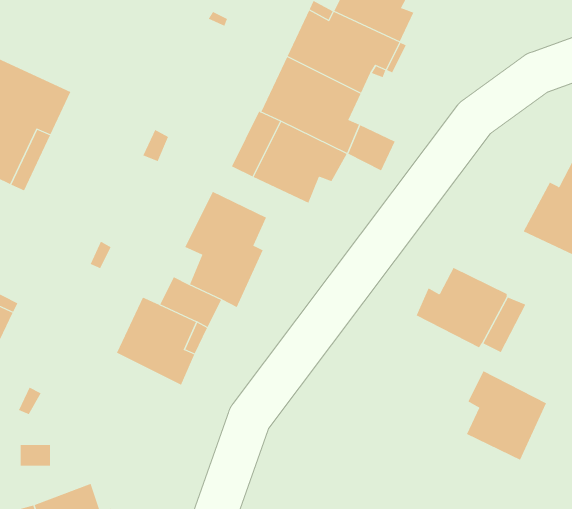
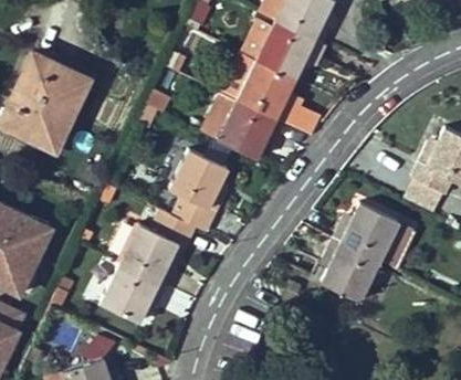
building: none -> [99,264,167,323]
building: [466,371,547,461] -> [322,238,379,302]

